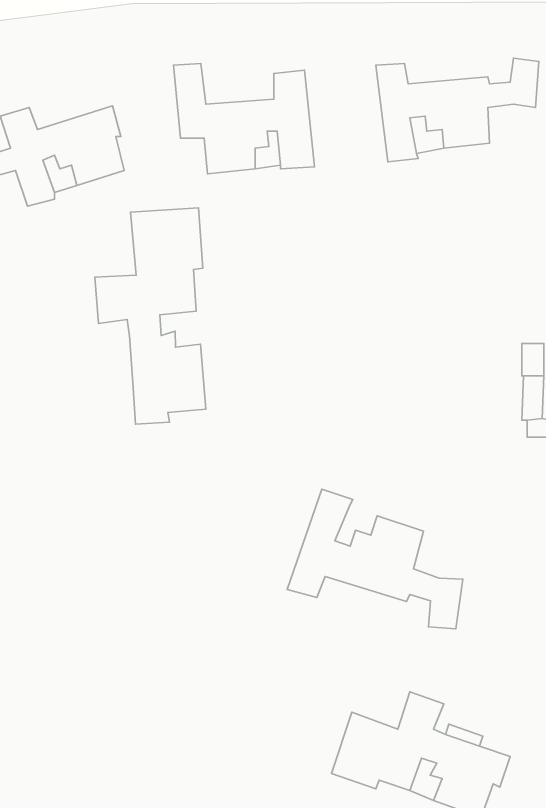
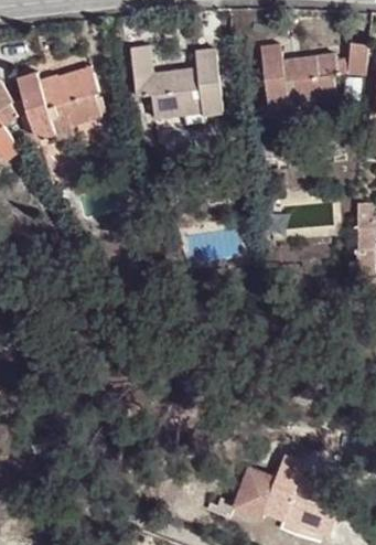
building: [95,208,206,424] -> none
building: [287,489,463,629] -> none

